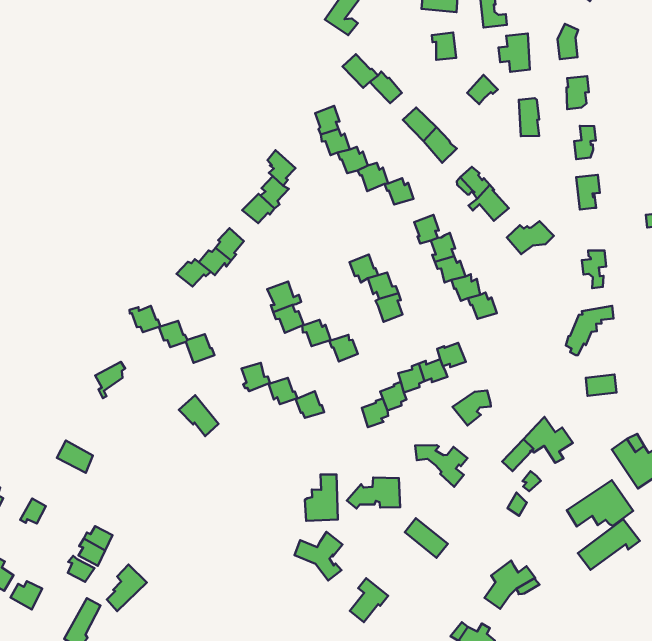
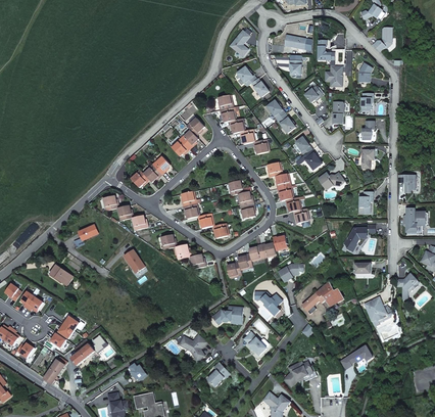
building: [305,474,338,521] -> none
building: [567,480,633,526] -> none

